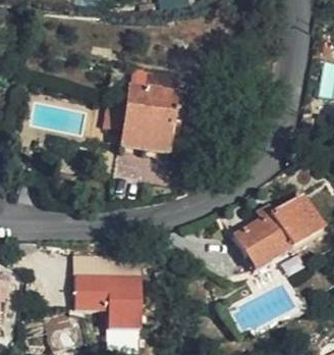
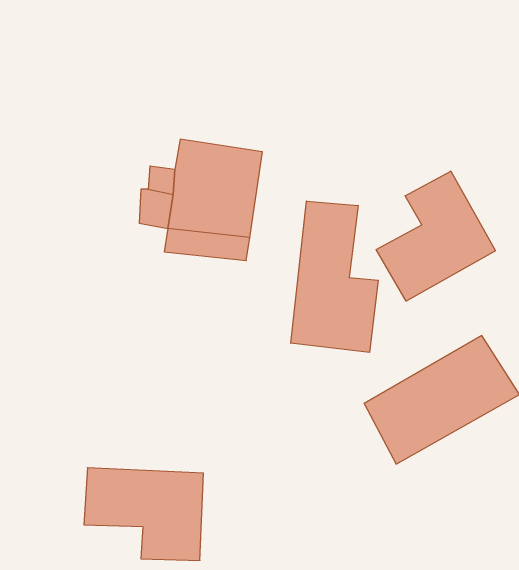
building: none -> [376,171,495,301]
building: none -> [291,201,378,352]

